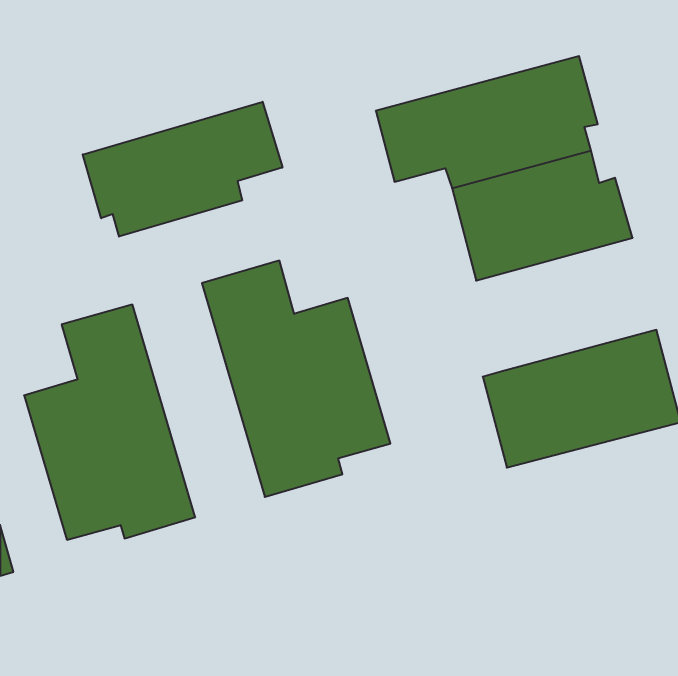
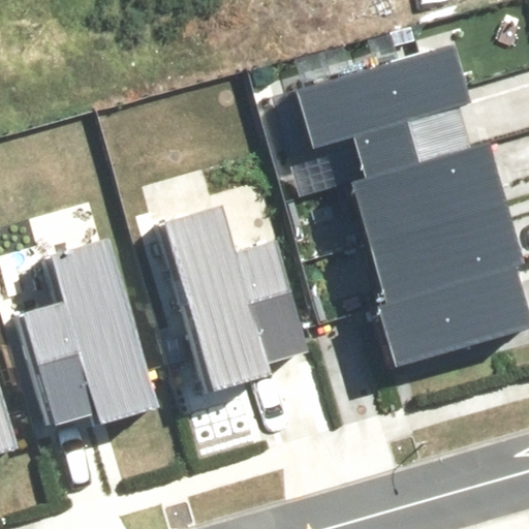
building: [83,102,282,237] -> none
building: none -> [372,189,511,292]

